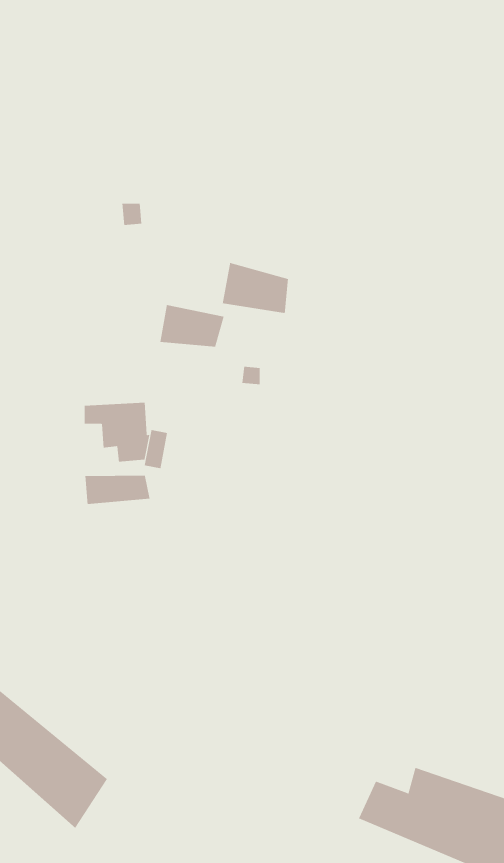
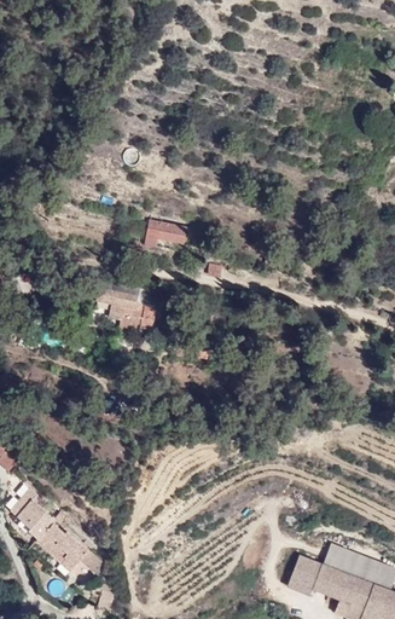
building: [222,262,288,314] -> none
building: [85,475,150,505] -> none

